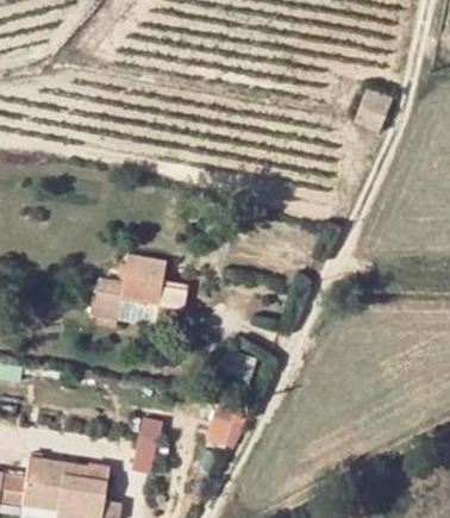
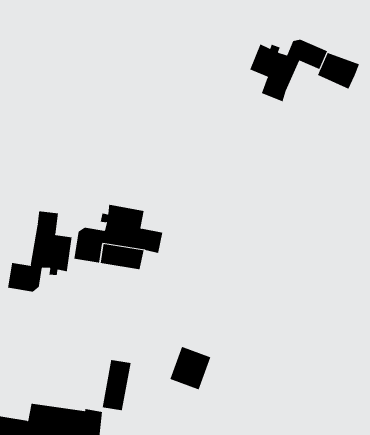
building: none -> [249,39,328,102]
building: none -> [8,210,72,292]

